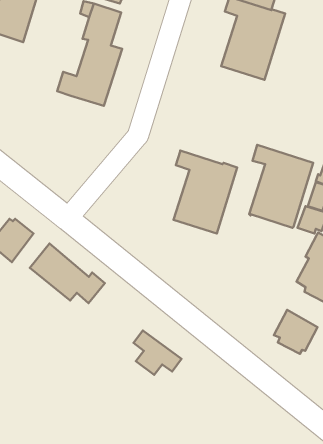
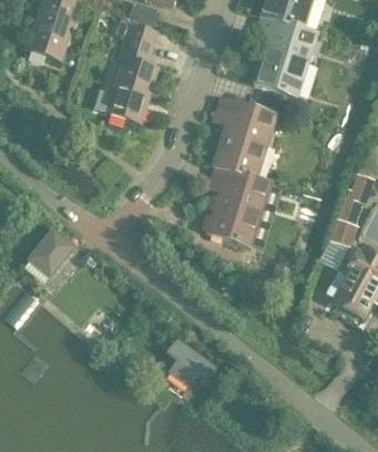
building: [249,145,313,228] -> [213,97,275,178]
building: [30,243,105,303] -> none
building: [274,310,317,354] -> none

